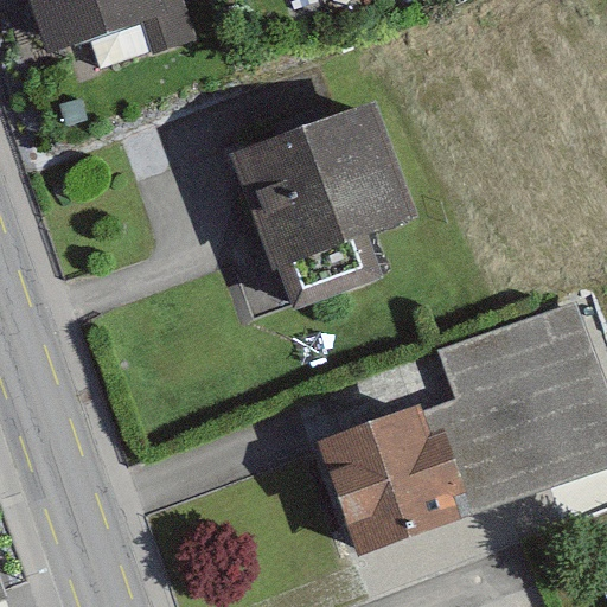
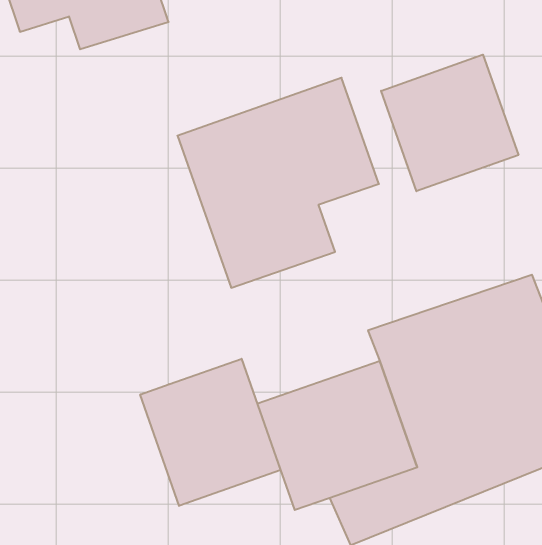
building: none -> [381,55,518,191]
building: none -> [140,359,281,506]

